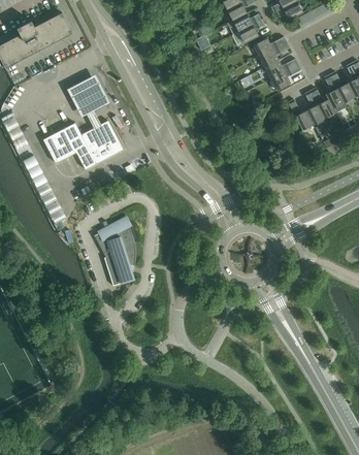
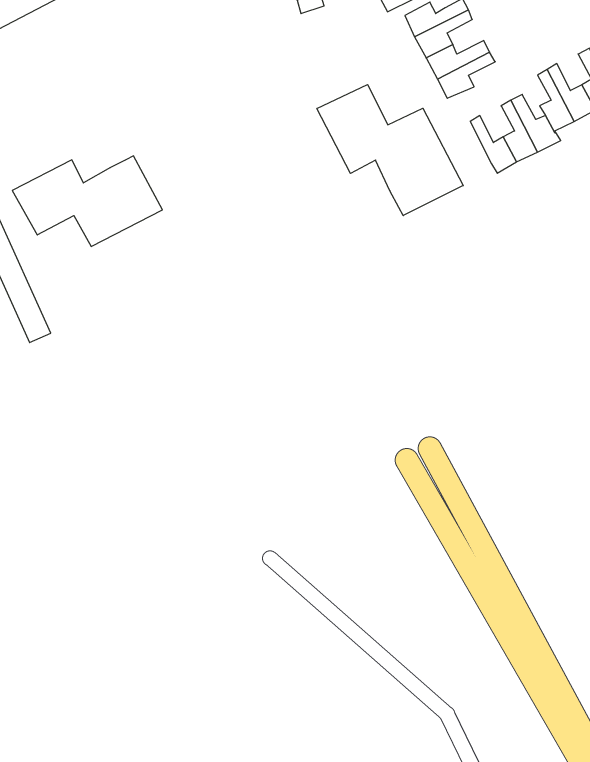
building: [68,71,109,127] -> none
building: none -> [317,85,463,216]
building: [94,217,135,284] -> none

